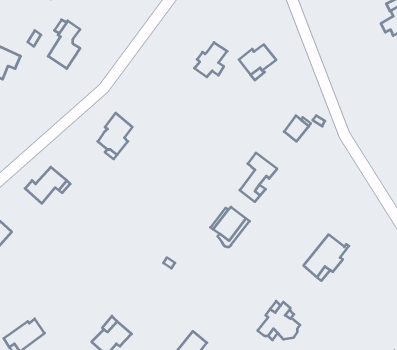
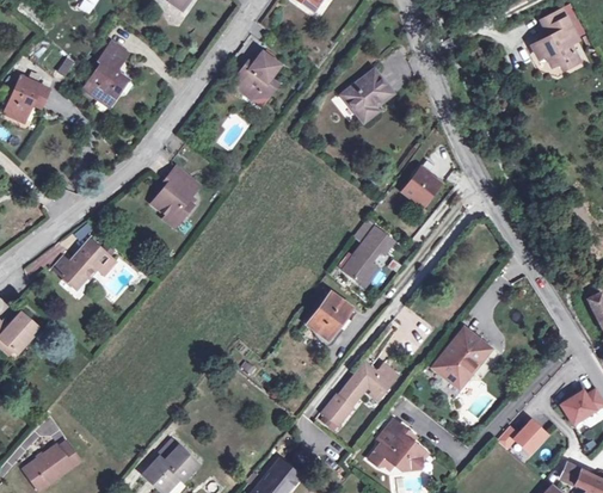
building: [194,42,227,77] -> [236,51,281,98]
building: none -> [322,364,398,425]
building: none -> [497,420,547,452]

